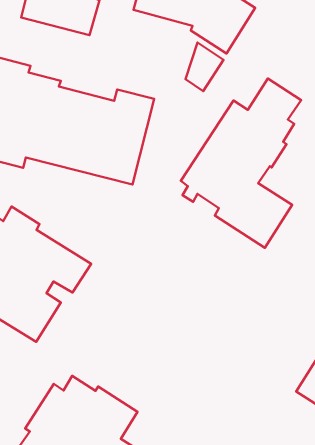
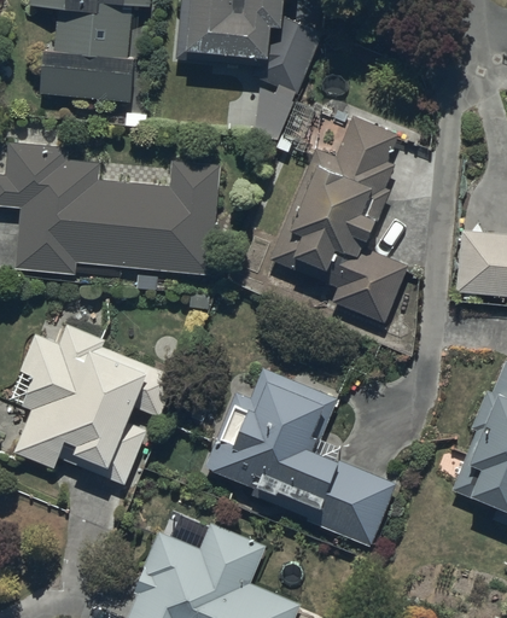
building: none -> [205,368,396,546]

